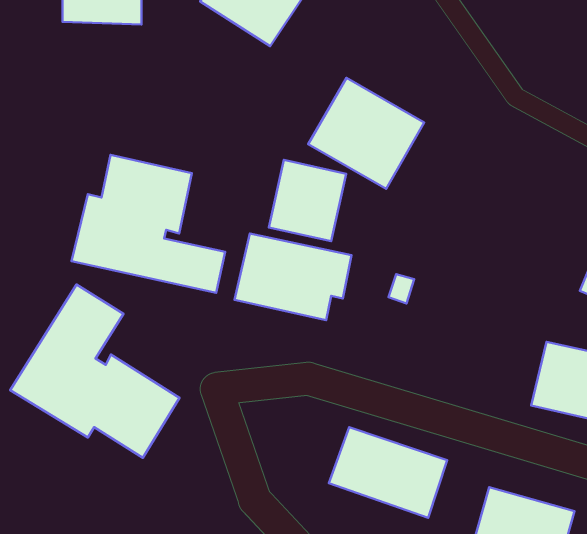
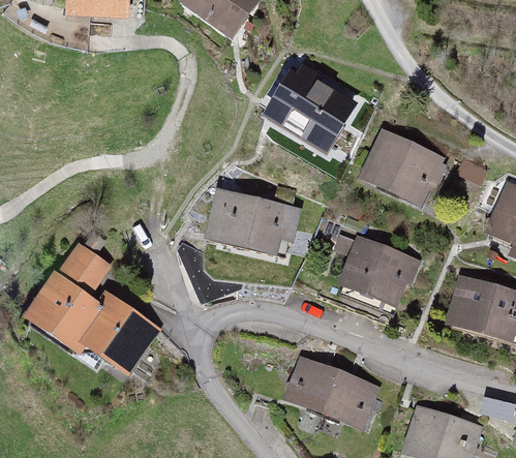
building: none -> [358,126,447,209]
building: [72,155,225,293] -> none
building: [269,160,346,241] -> none
building: none -> [339,241,417,312]

